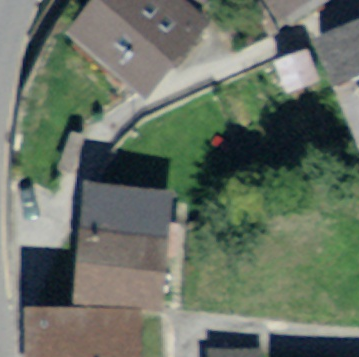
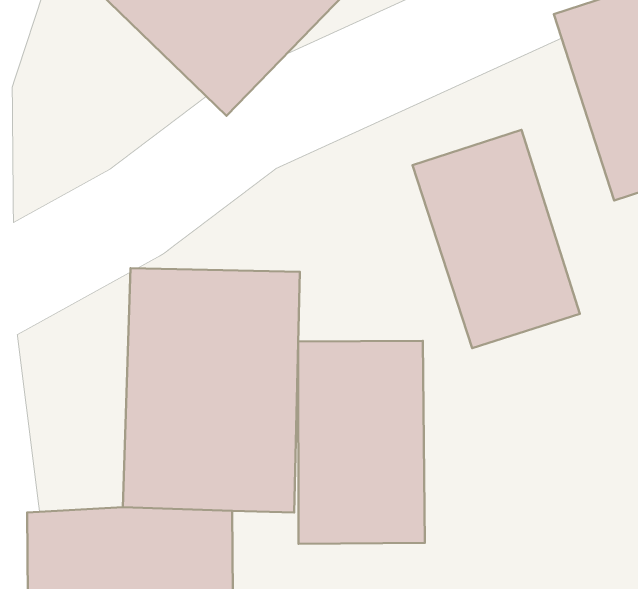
building: none -> [412,130,580,348]
building: none -> [298,341,425,544]

